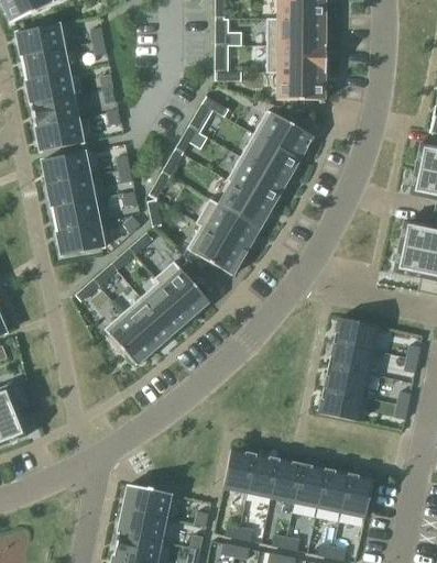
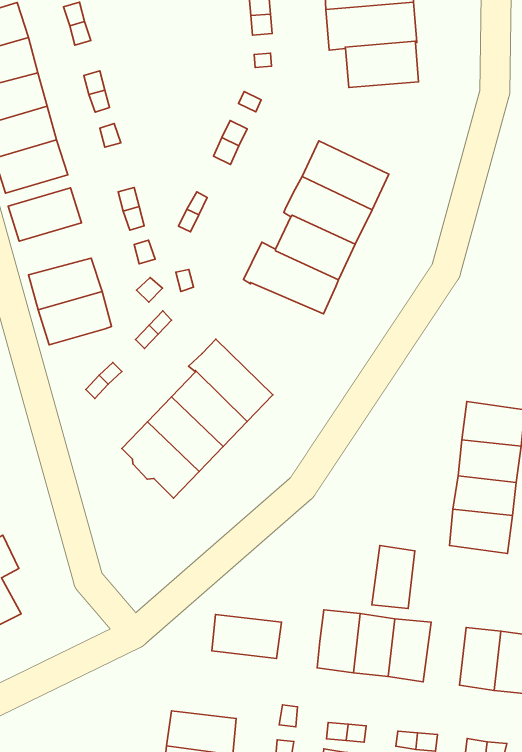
building: [254,110,314,161] -> none
building: [47,176,95,208] -> none
building: [187,225,248,276] -> none
building: [294,464,326,508] -> [372,545,415,609]
building: [123,485,172,518] -> [212,615,282,659]

